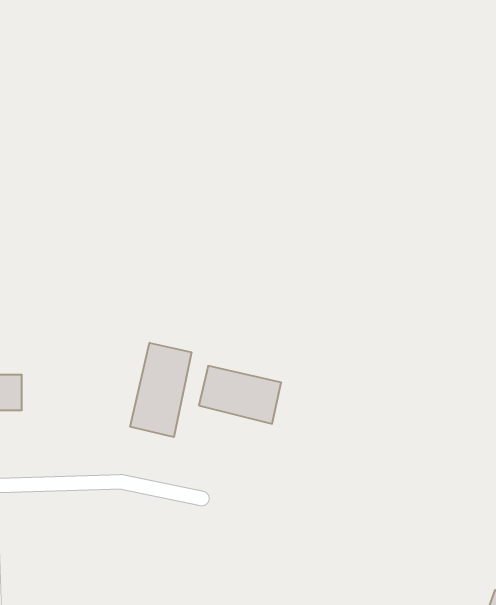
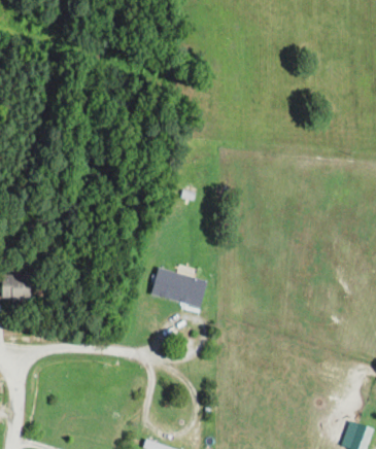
building: [130,343,192,437] -> none

